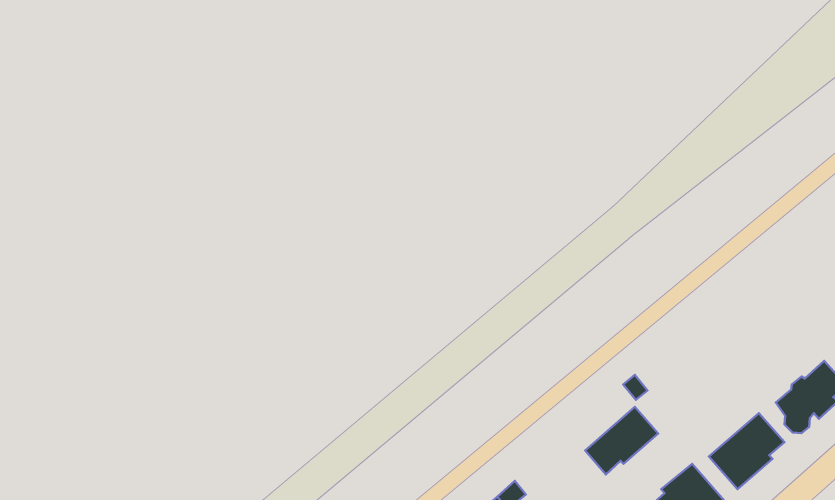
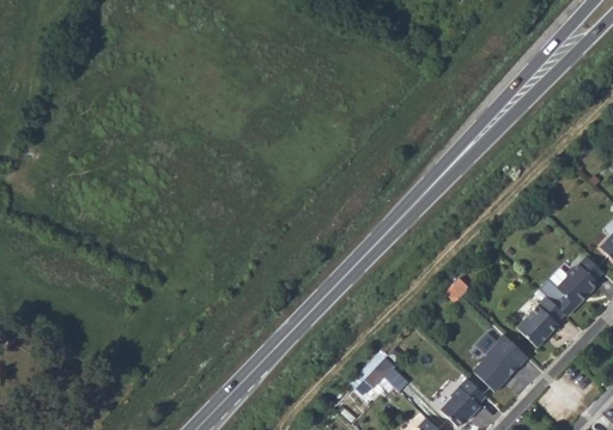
building: [585,407,658,474] -> none

